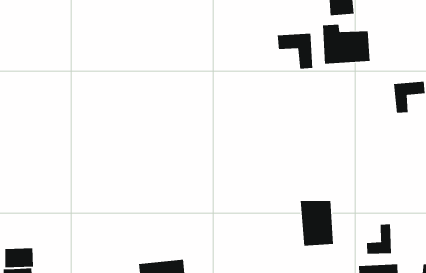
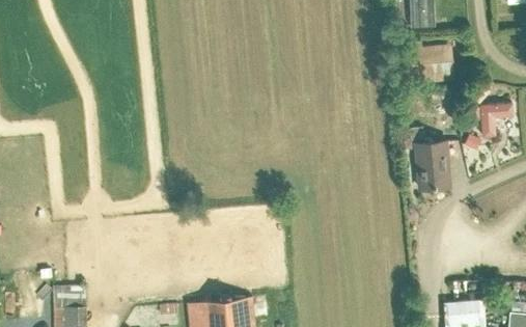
building: [277,33,313,69] -> none
building: [300,201,334,246] -> [414,140,451,190]
building: [366,224,391,255] -> none

